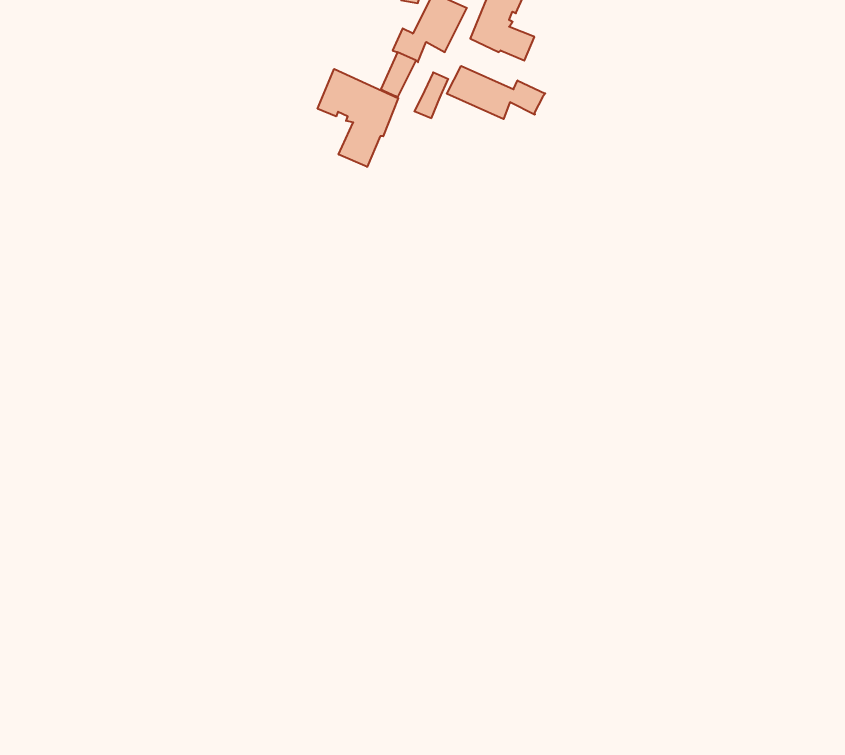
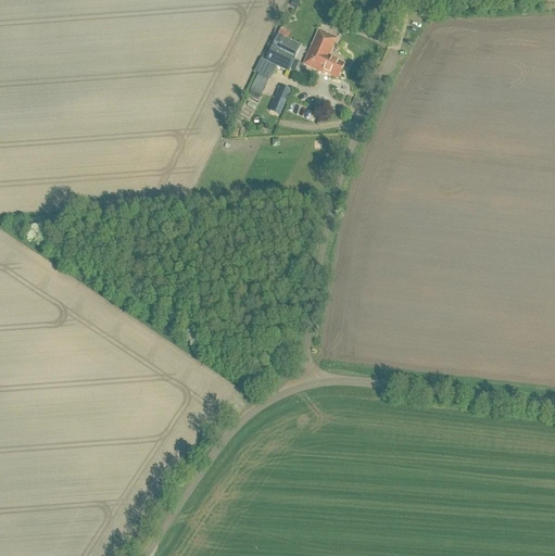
building: [447,66,545,119] -> none
building: [318,69,398,167] -> none

